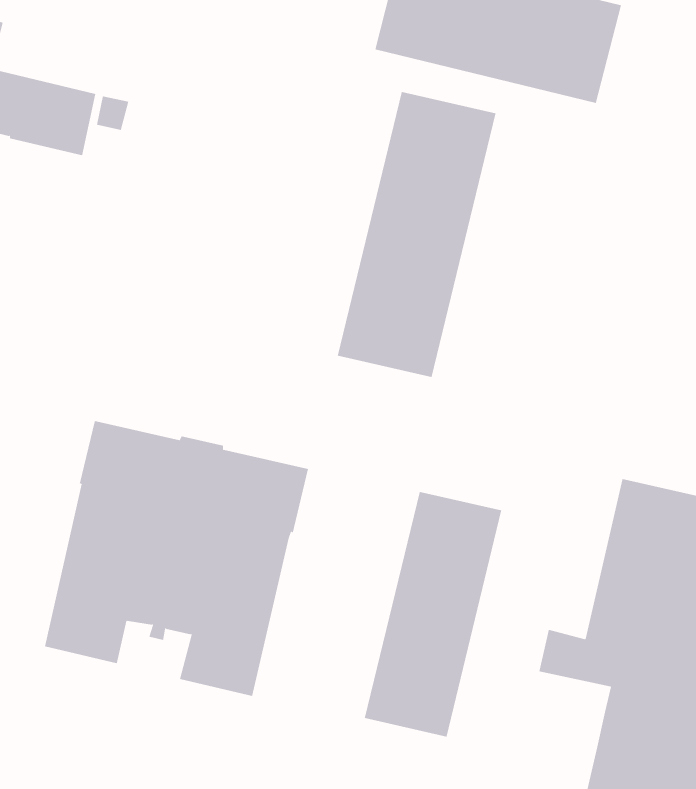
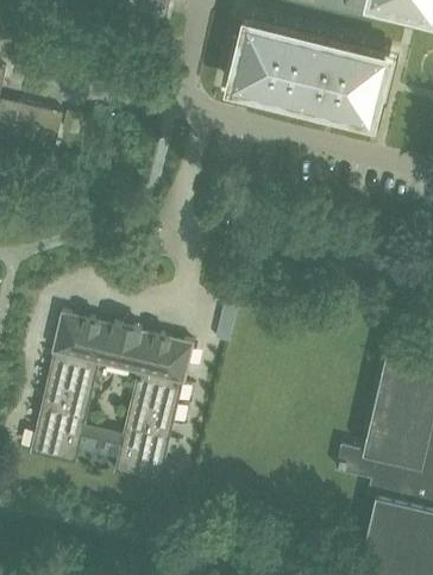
building: [337,91,496,378] -> none
building: [364,491,502,737] -> none

